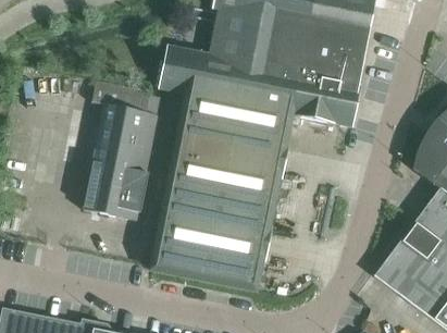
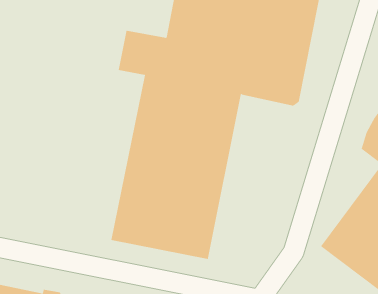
building: [84,81,159,221] -> none

